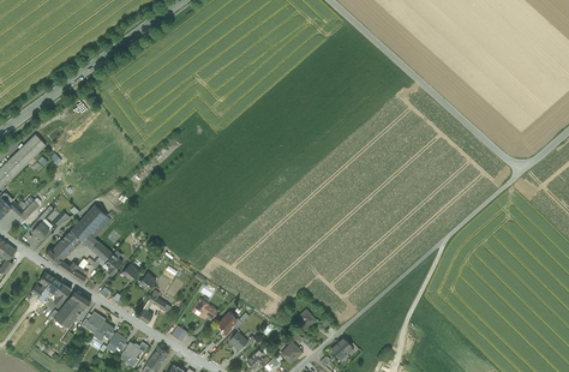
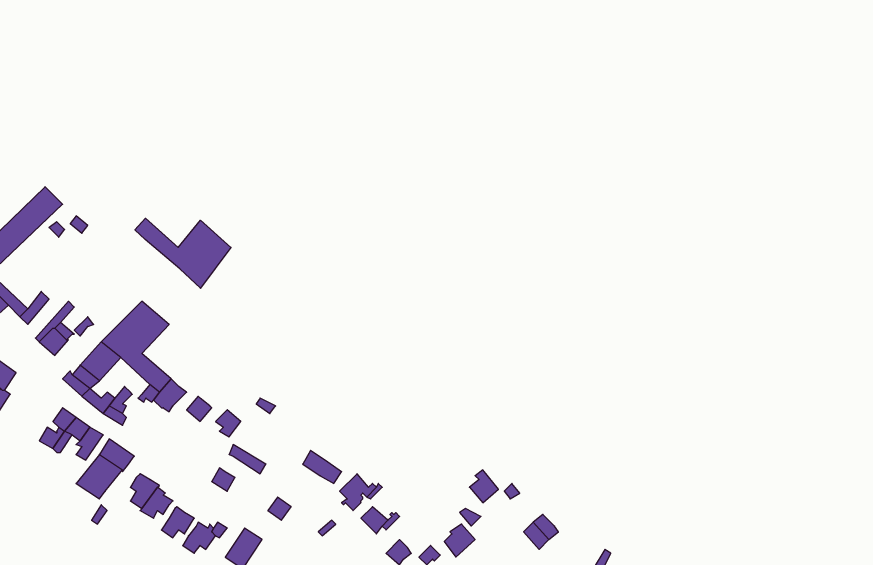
building: none -> [135,218,231,288]

